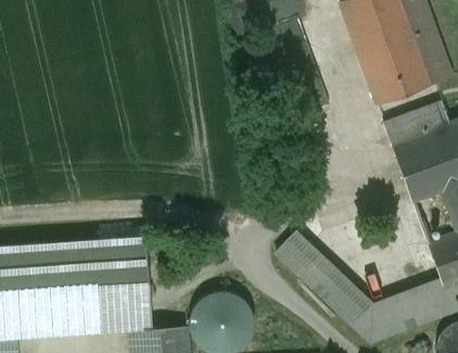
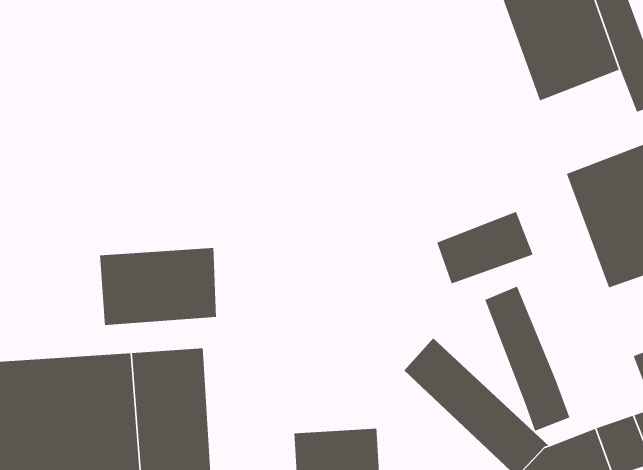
building: [367,55,431,104] -> [436,211,533,285]
building: none -> [99,247,217,326]
building: none -> [484,286,571,432]

